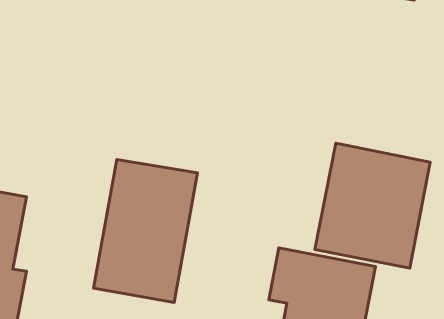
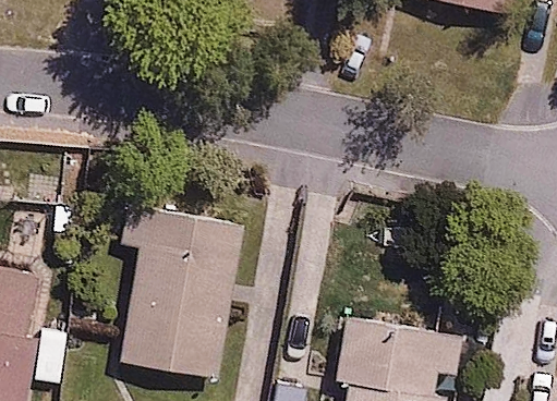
building: [315,143,430,268] -> none

